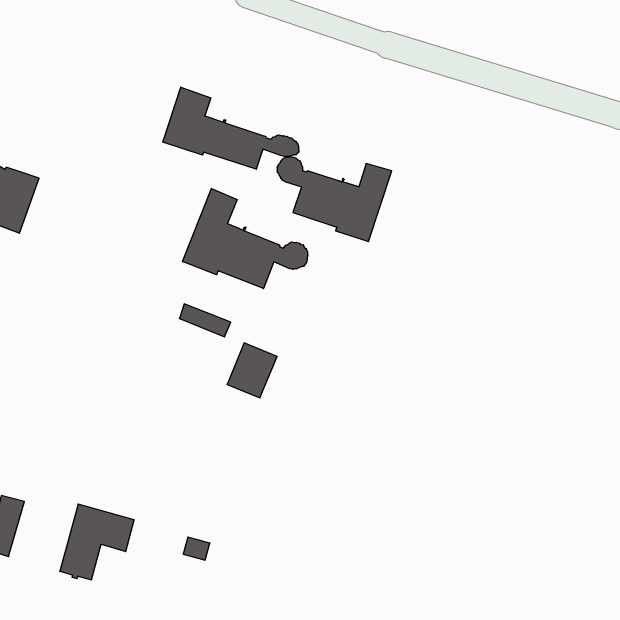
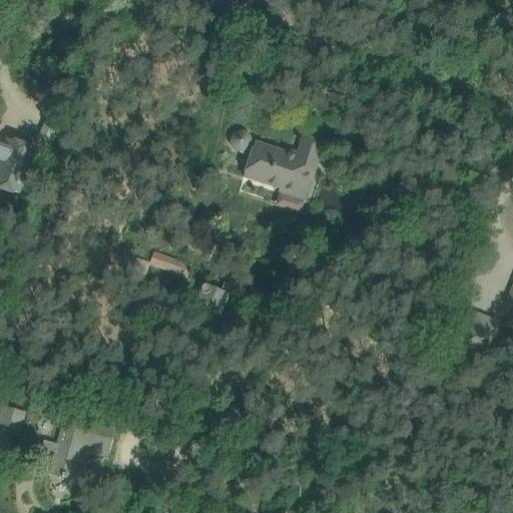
building: [163,87,299,169] -> none
building: [183,188,308,289] -> none

